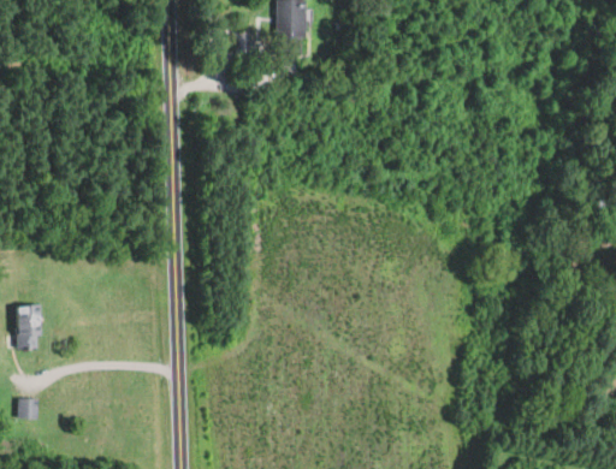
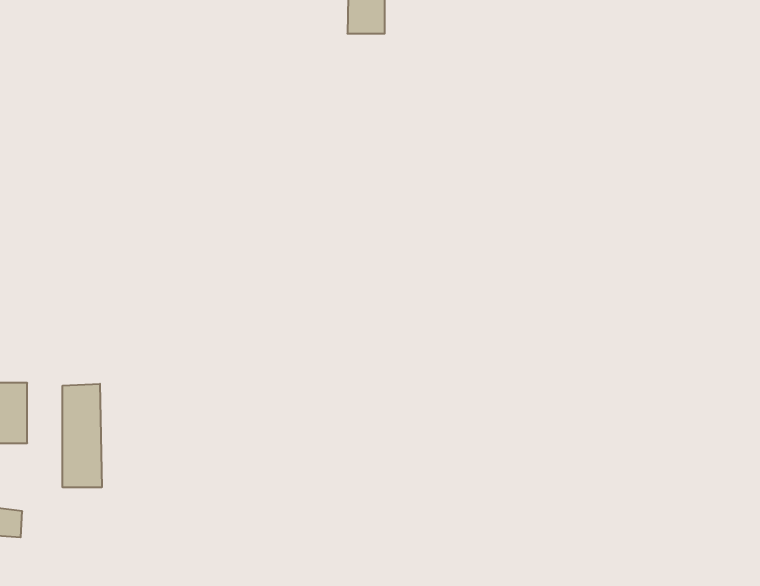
building: none -> [63,384,102,487]

